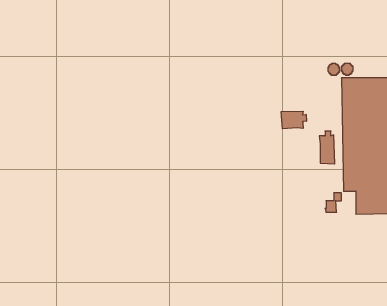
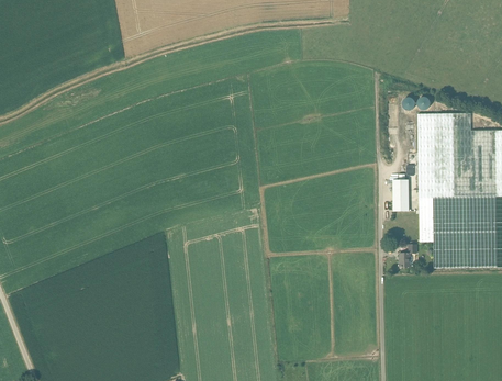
building: [281,111,306,129] -> none

